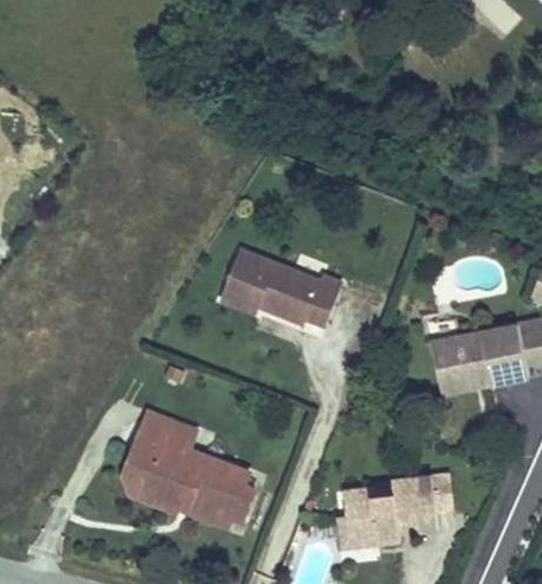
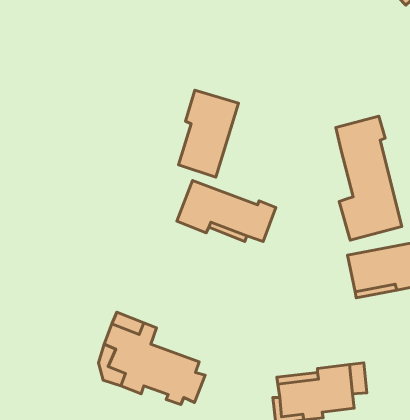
building: none -> [178,90,239,177]
building: none -> [336,116,402,240]

